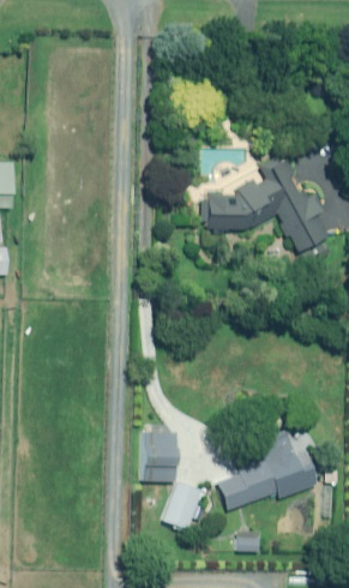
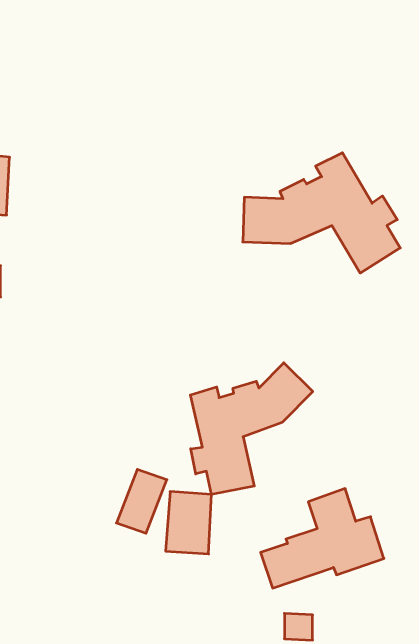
building: none -> [190,363,313,495]
building: [162,476,203,528] -> [116,469,167,533]

